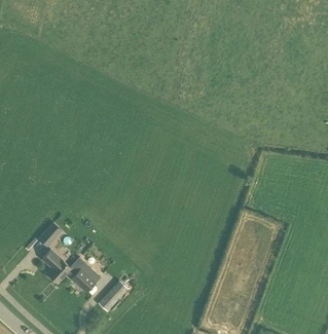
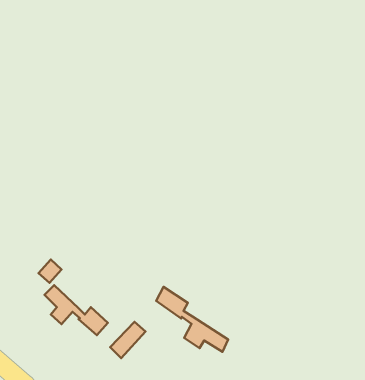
building: none -> [156,287,228,352]

